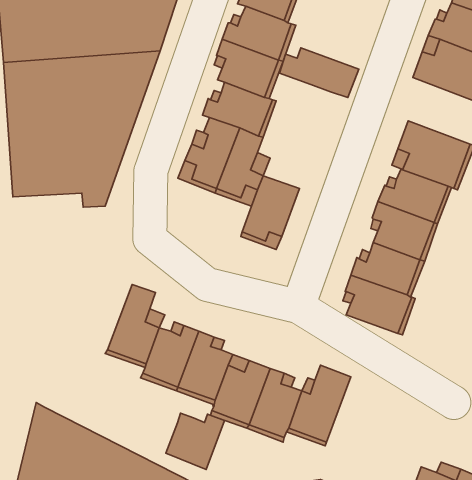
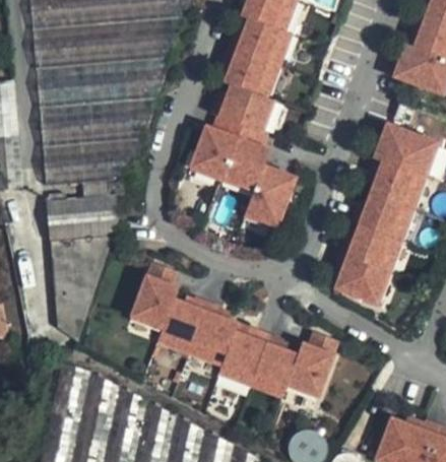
building: [280,48,359,98] -> none
building: none -> [45,193,126,346]
building: [166,413,224,469] -> none

